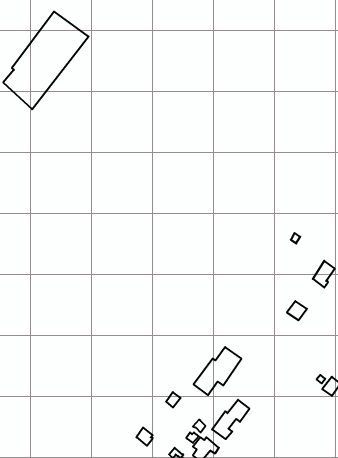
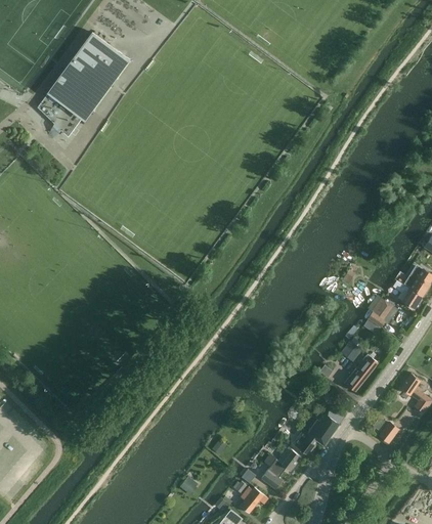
building: none -> [344,354,379,392]
building: [194,347,241,395] -> [293,404,344,455]

